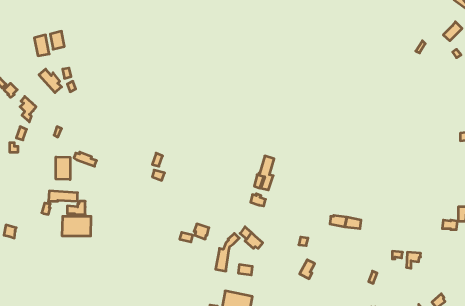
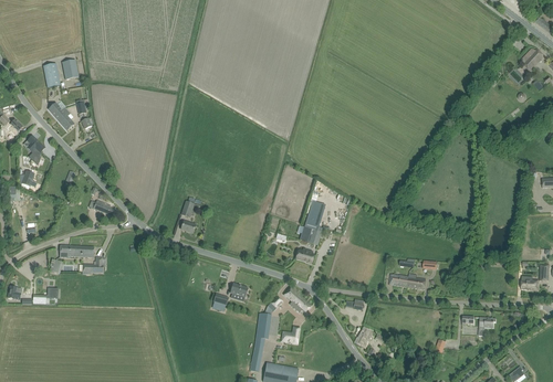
building: [56,157,70,180] -> none
building: [62,216,91,236] -> none

